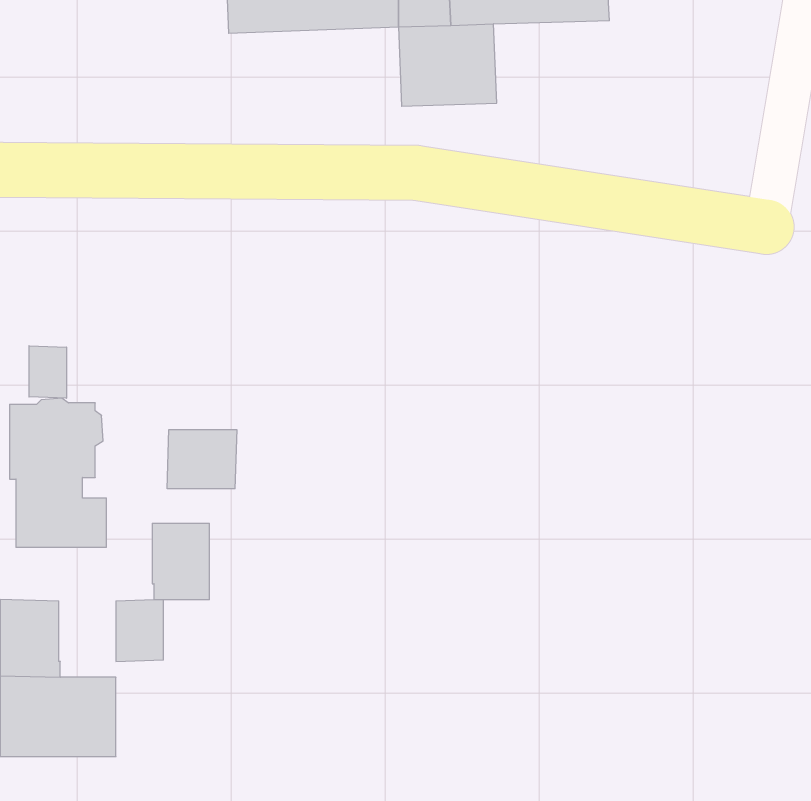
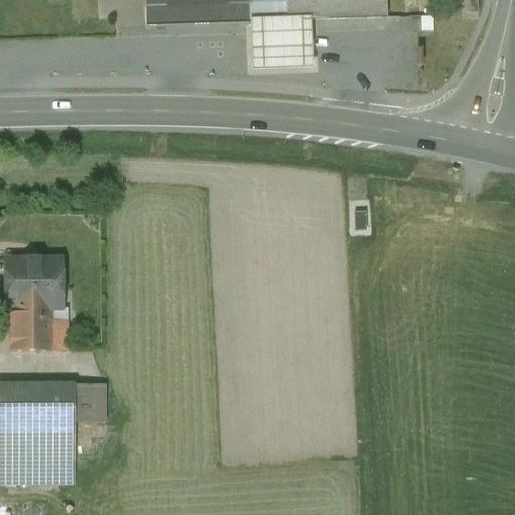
building: [29,346,66,398] -> none
building: [167,430,237,489] -> none
building: [152,523,209,600] -> [37,381,73,430]

